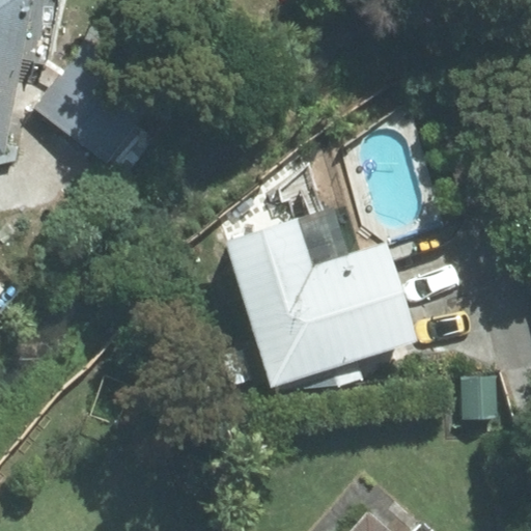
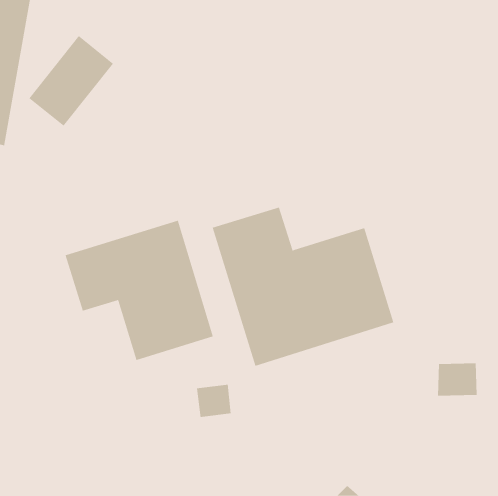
building: none -> [65,220,214,361]

